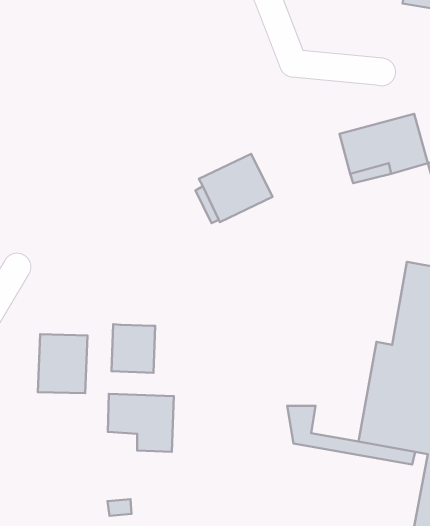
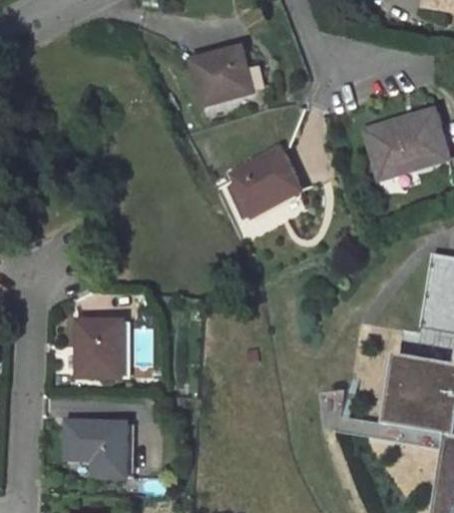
building: none -> [192,47,256,103]
building: [111,324,155,373] -> none
building: [108,394,174,452] -> [67,421,130,476]

